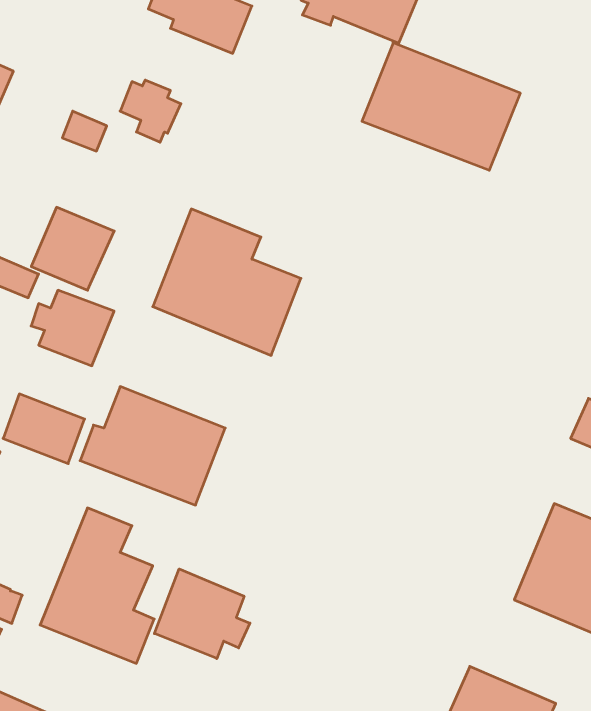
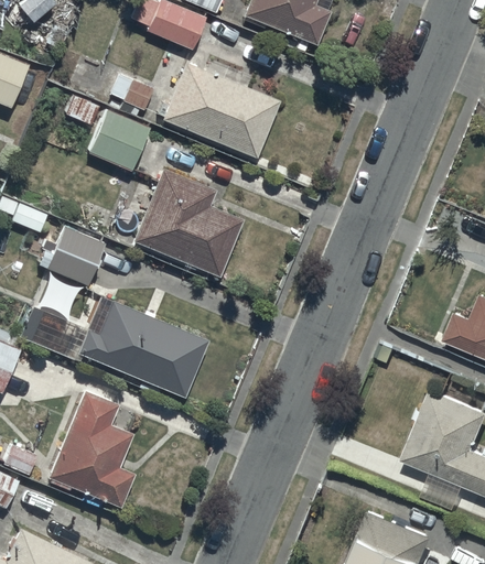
building: [362,43,520,170] -> [161,63,279,158]
building: [31,207,114,290] -> [87,109,149,171]
building: [154,569,250,659] -> none

